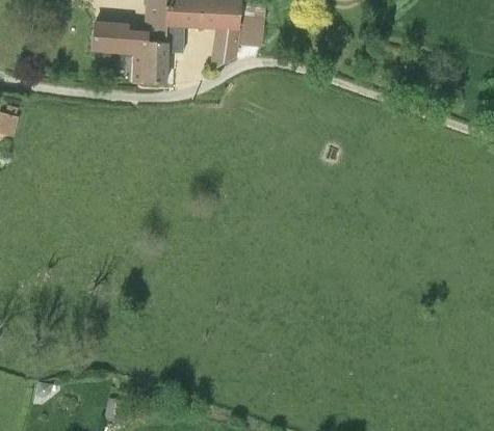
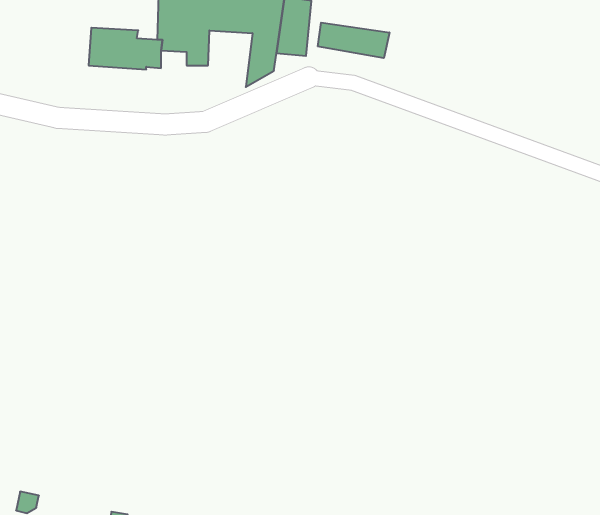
building: none -> [318,23,389,58]
building: [134,41,166,83] -> none

